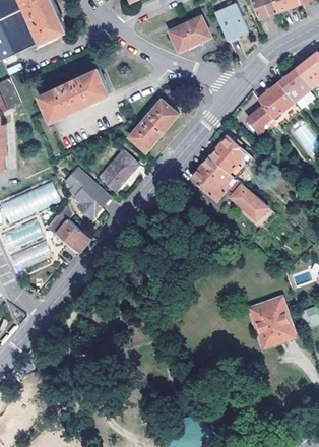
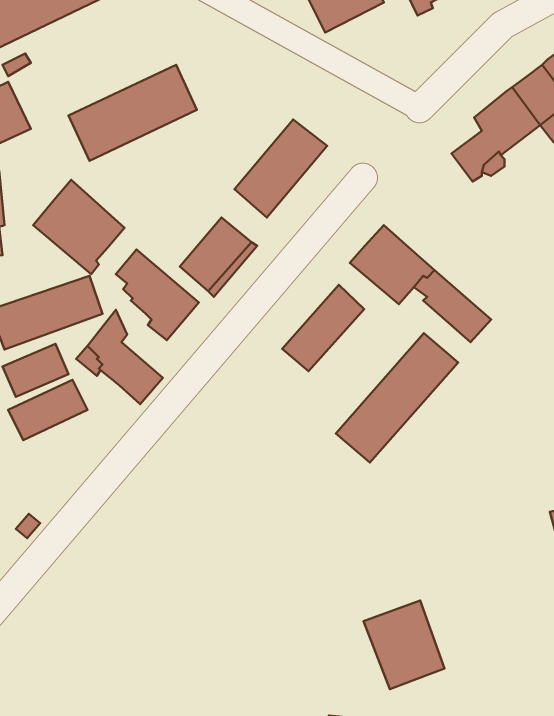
building: none -> [33,180,125,274]
building: [209,135,246,172] -> none
building: none -> [282,285,364,371]
building: none -> [336,333,458,463]
building: [249,300,293,347] -> [363,600,445,689]

